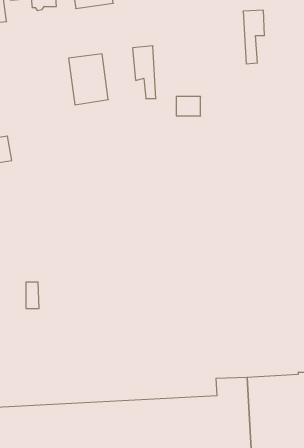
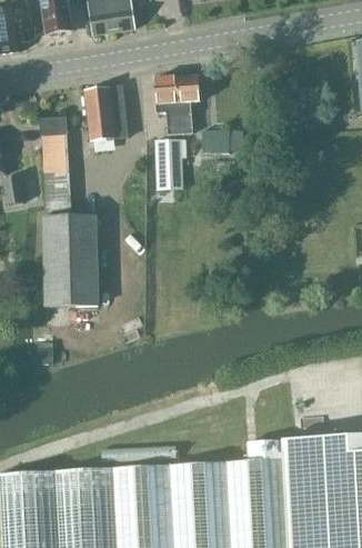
building: [243,10,264,64] -> [177,76,200,134]
building: none -> [41,117,69,209]
building: none -> [155,140,185,177]
building: none -> [42,216,97,307]

